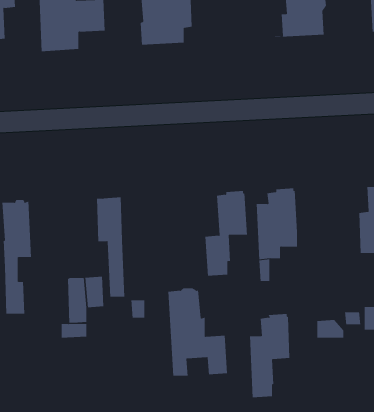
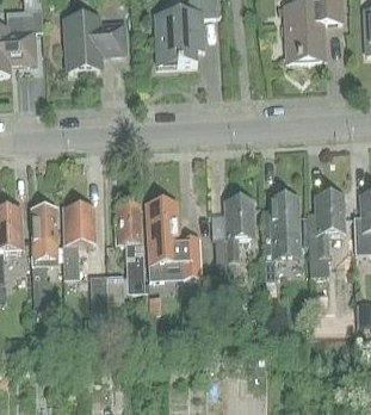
building: none -> [63,203,95,277]
building: [167,288,228,376] -> [147,198,202,278]
building: [249,313,290,398] -> [307,191,344,267]

